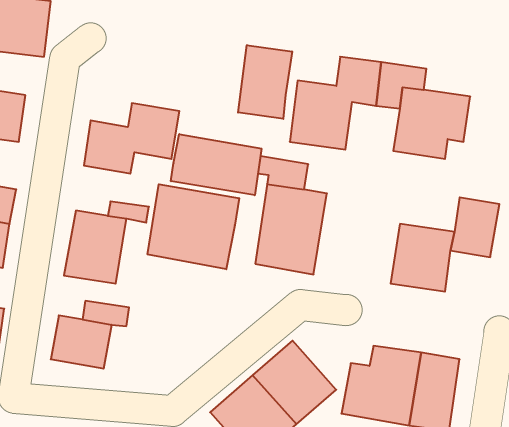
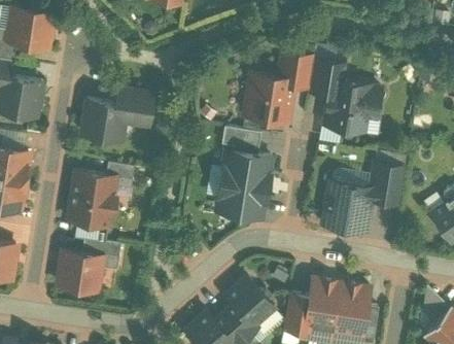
building: [238,45,292,119] -> none
building: [171,134,261,195] -> none
building: [148,184,239,269] -> none

